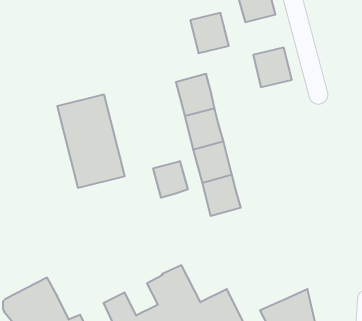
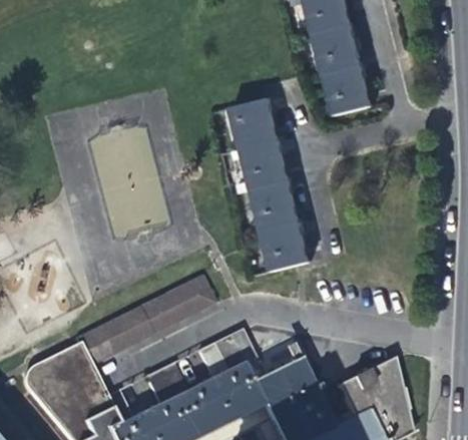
building: [190,13,229,53] -> [315,26,362,75]
building: [153,161,188,198] -> none
building: none -> [71,279,213,368]

